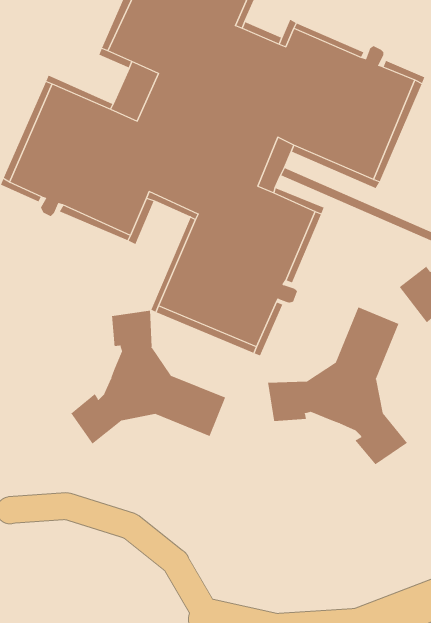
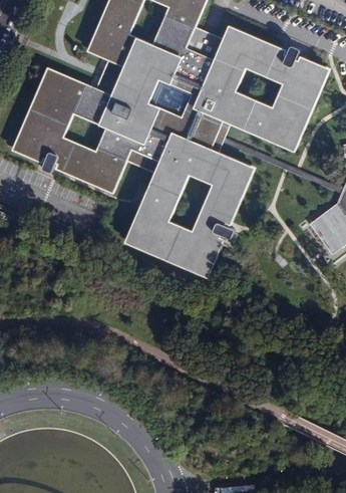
building: [268,306,408,465] -> none
building: [71,310,226,444] -> none

